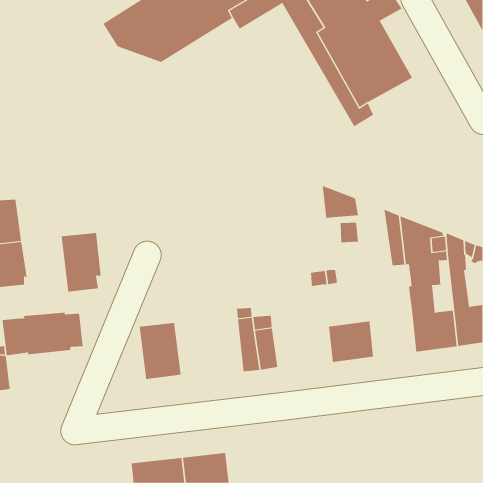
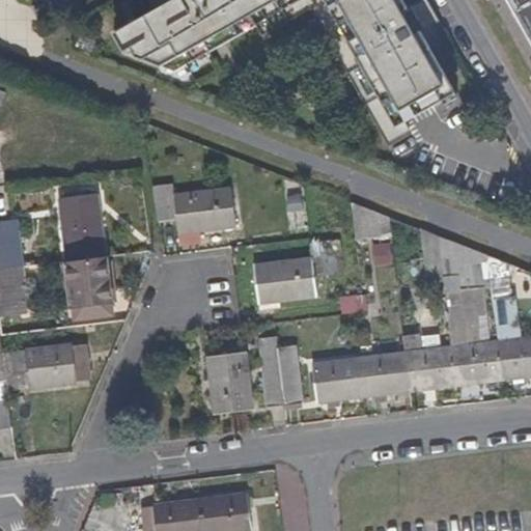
building: none -> [155,183,236,243]
building: none -> [58,192,106,258]
building: none -> [254,239,342,310]
building: none -> [403,333,454,390]
building: [139,323,181,380] -> [207,352,254,414]
building: none -> [312,357,363,401]

